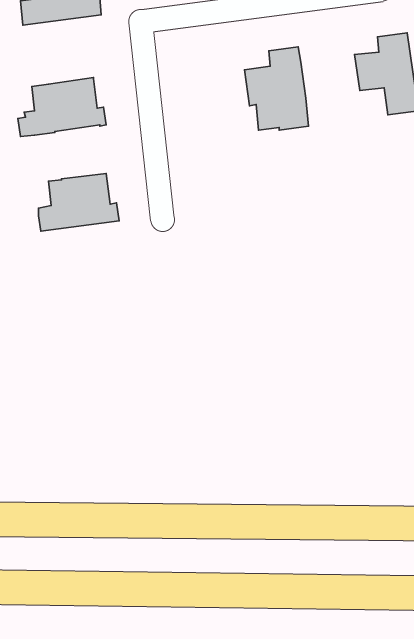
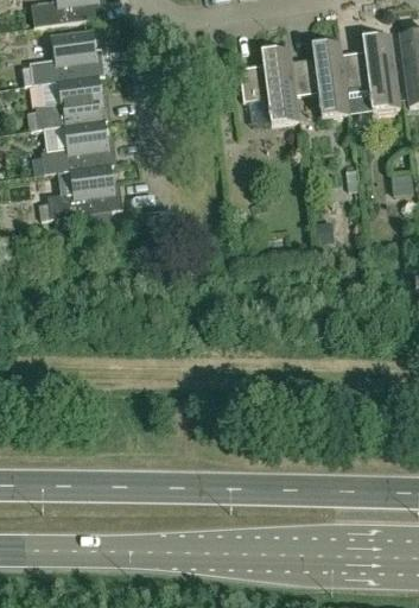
building: none -> [30,28,104,83]
building: none -> [291,39,349,115]
building: none -> [42,118,116,172]

